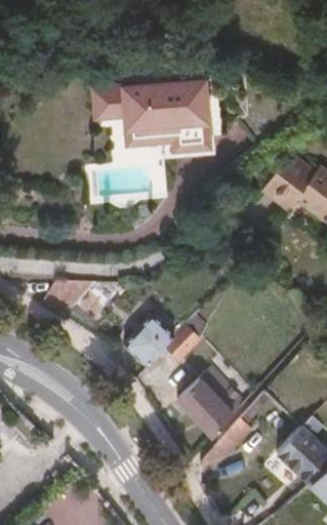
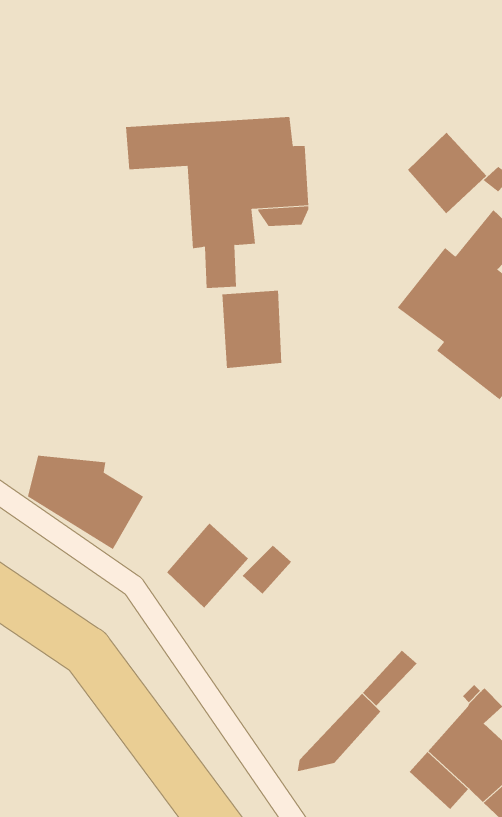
building: none -> [407,132,487,214]
building: none -> [222,290,282,369]
building: [177,370,246,438] -> none

